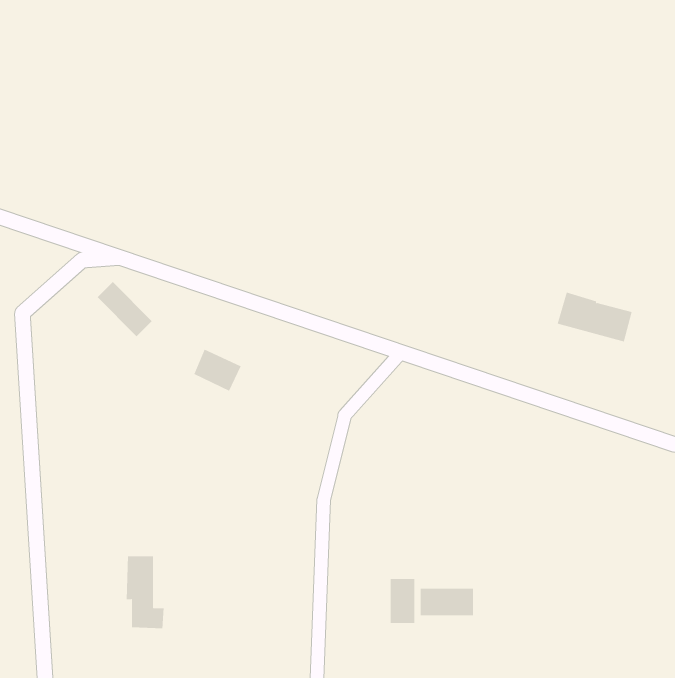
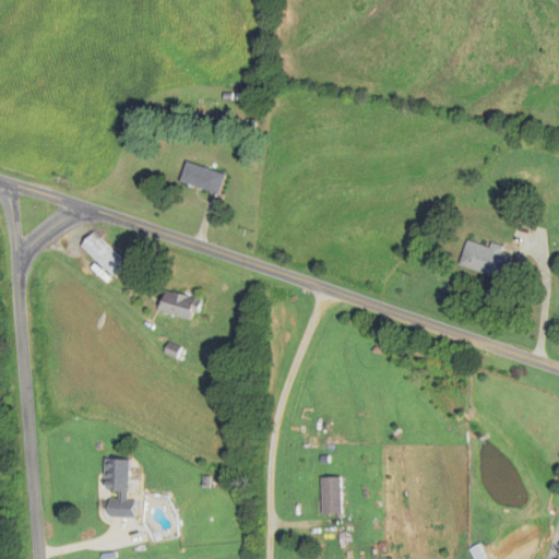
building: none -> [179,162,225,194]
building: [420,588,474,616] -> none

